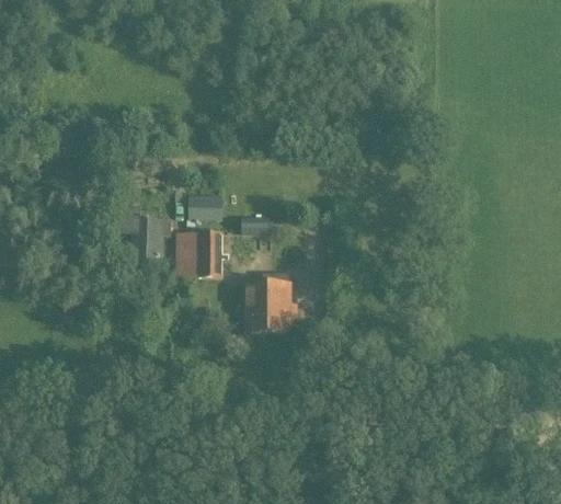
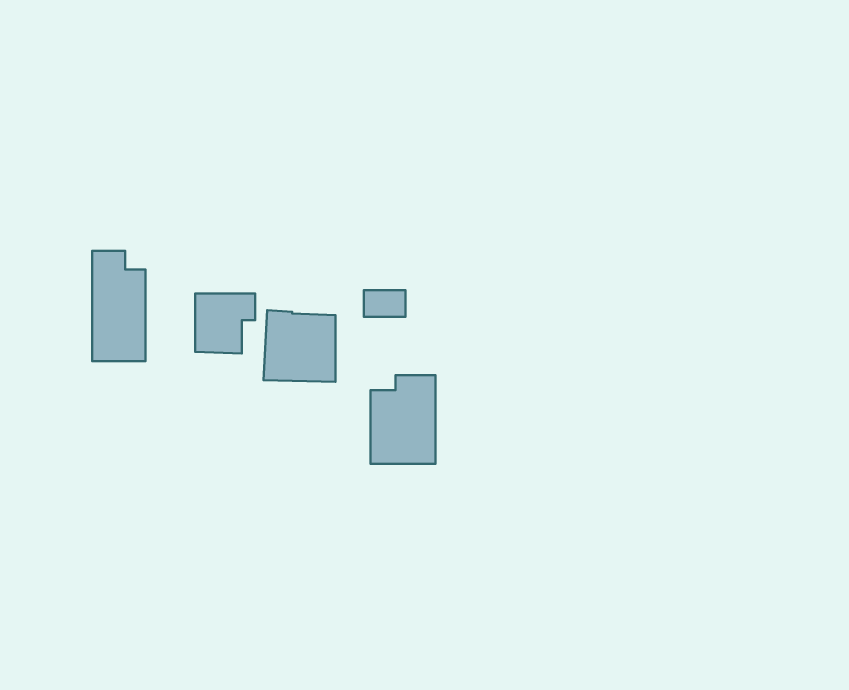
building: none -> [92,251,146,361]
building: [188,195,222,220] -> none

